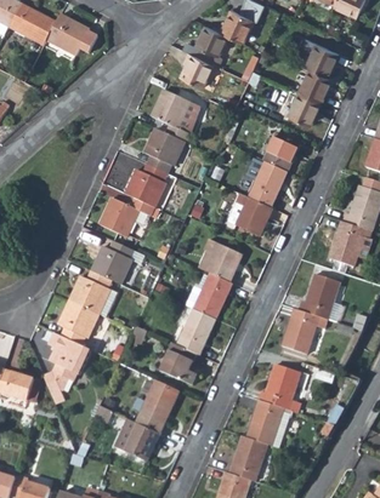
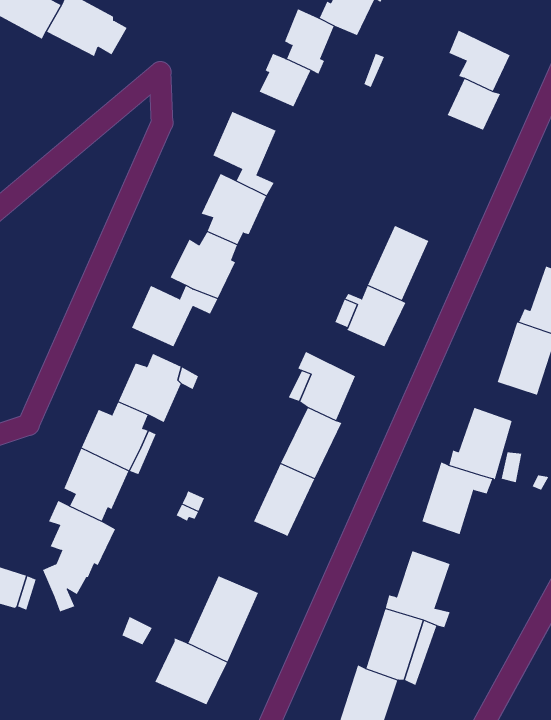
building: [287,91,321,125] -> none
building: [263,132,299,170] -> none
building: [159,343,197,385] -> none

